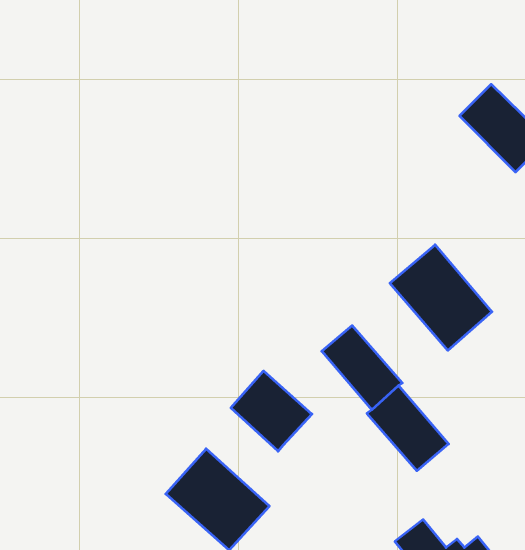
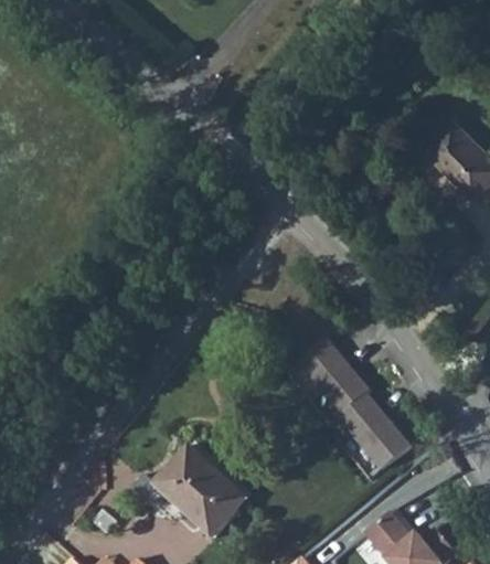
building: [390,245,492,350] -> none
building: [231,371,312,451] -> none

